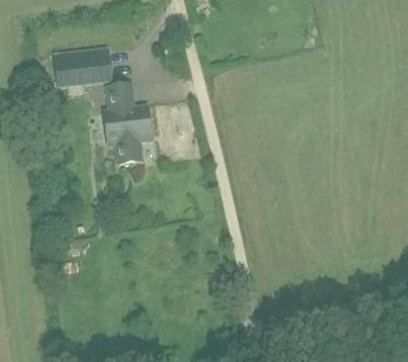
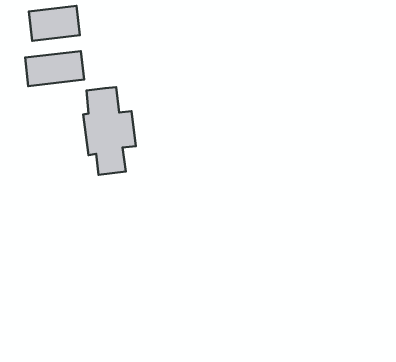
building: none -> [29,6,80,41]

